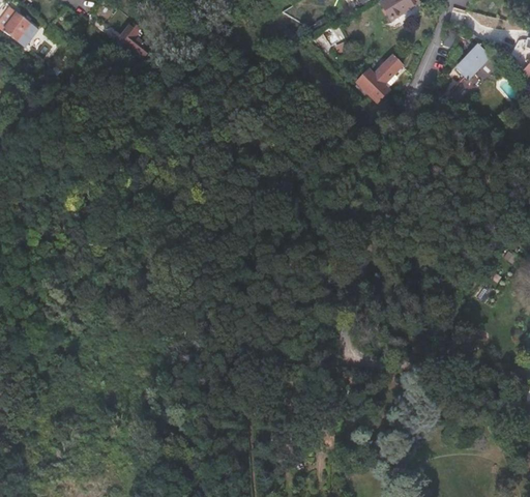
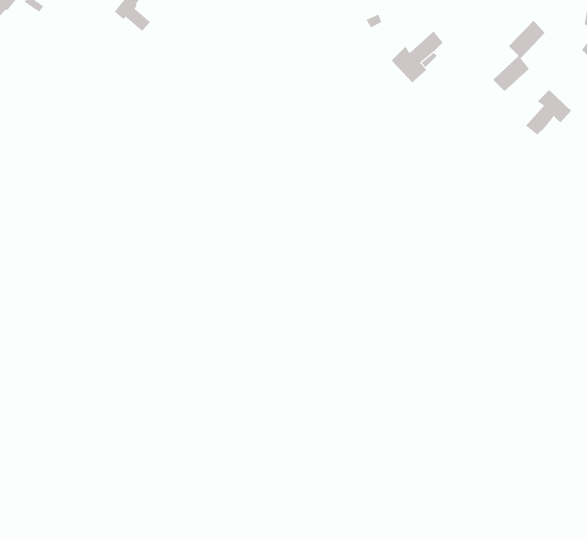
building: none -> [525,89,572,136]

